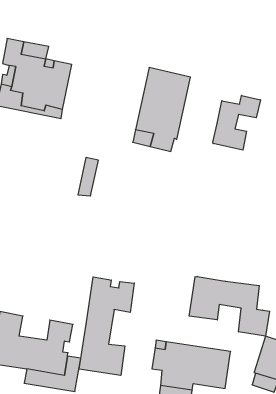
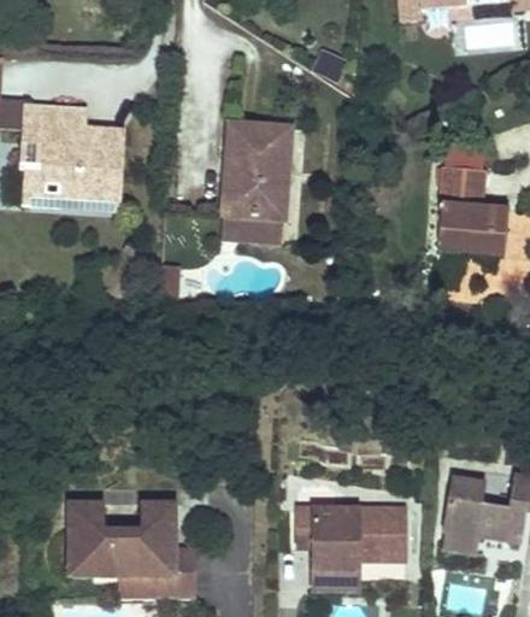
building: [213,95,260,150] -> none
building: [189,276,270,336] -> none
building: [79,277,134,375] -> none

